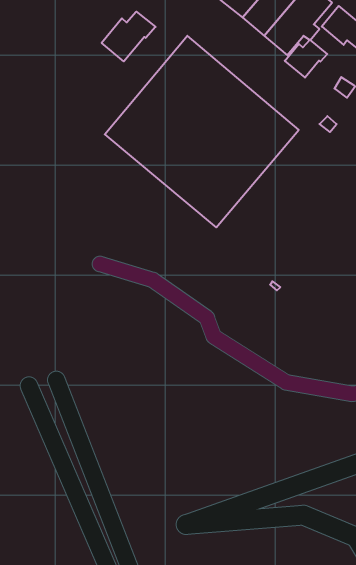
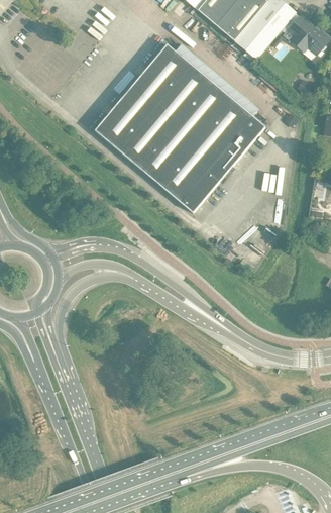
building: [102,12,156,61] -> none
building: [285,40,327,78] -> none

